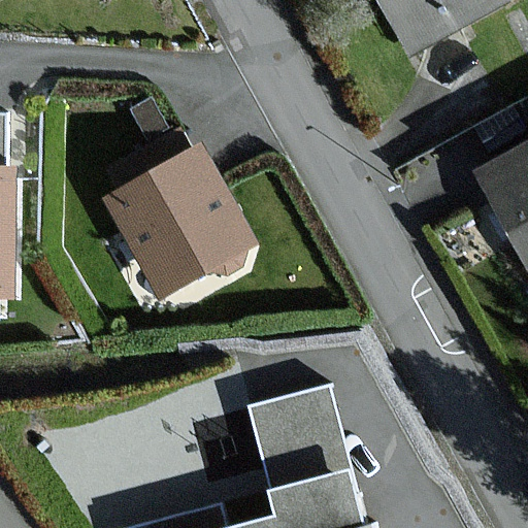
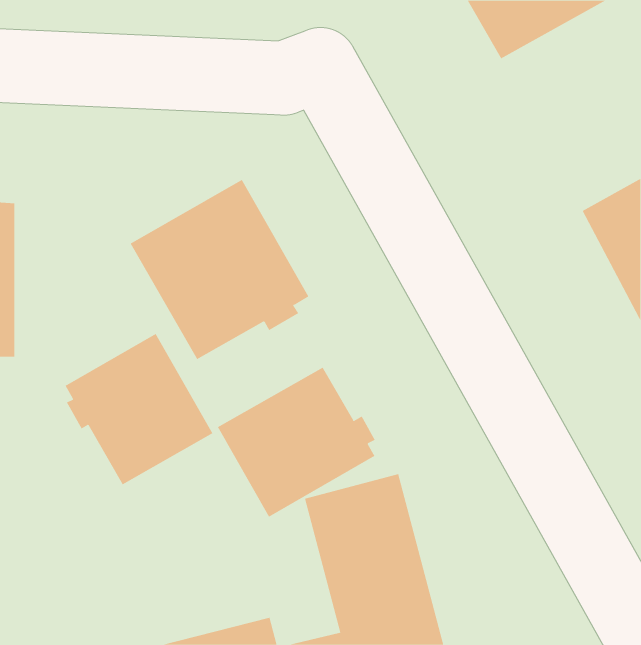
building: none -> [65,333,213,485]
building: none -> [217,367,376,517]

